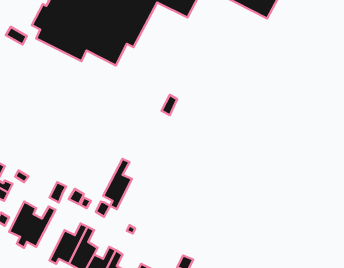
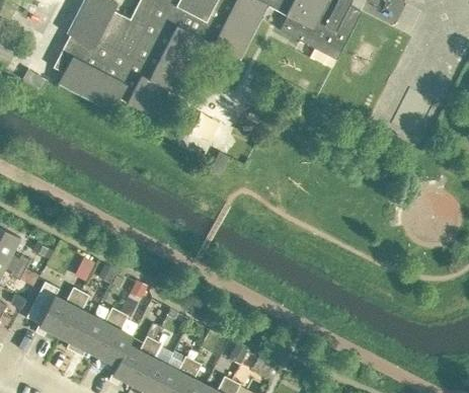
building: [103,159,132,209] -> [58,291,92,351]

